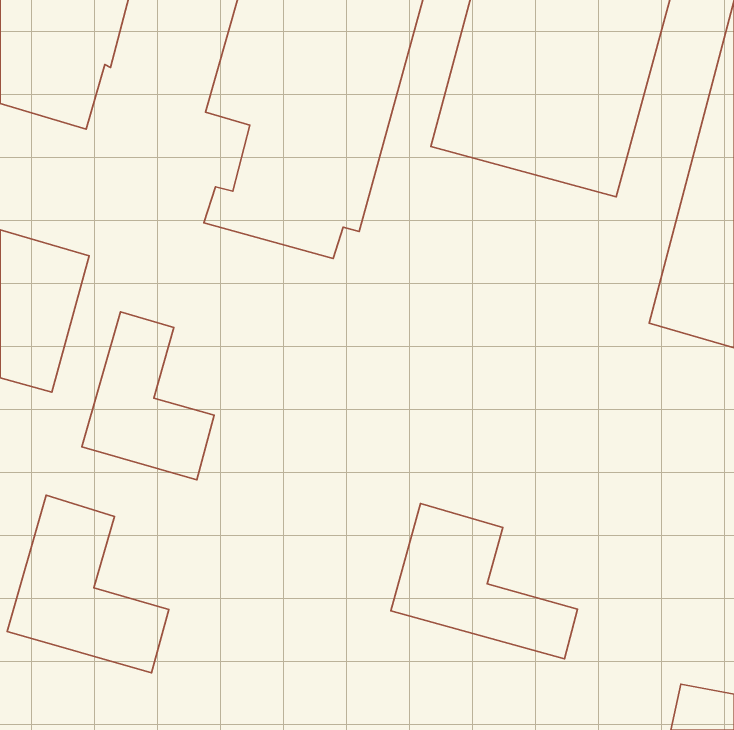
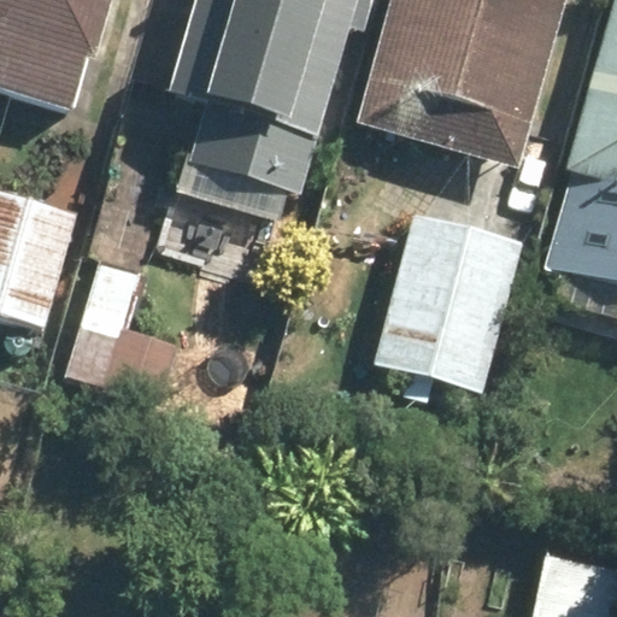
building: none -> [375,218,517,390]
building: [7,495,169,673] -> none
building: [391,504,578,659] -> none

